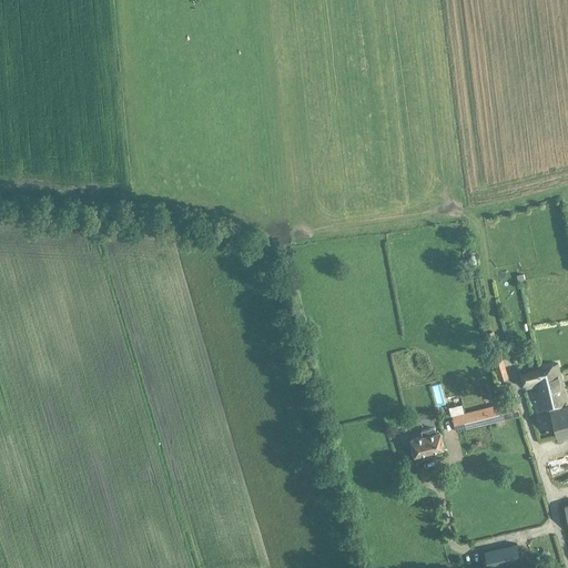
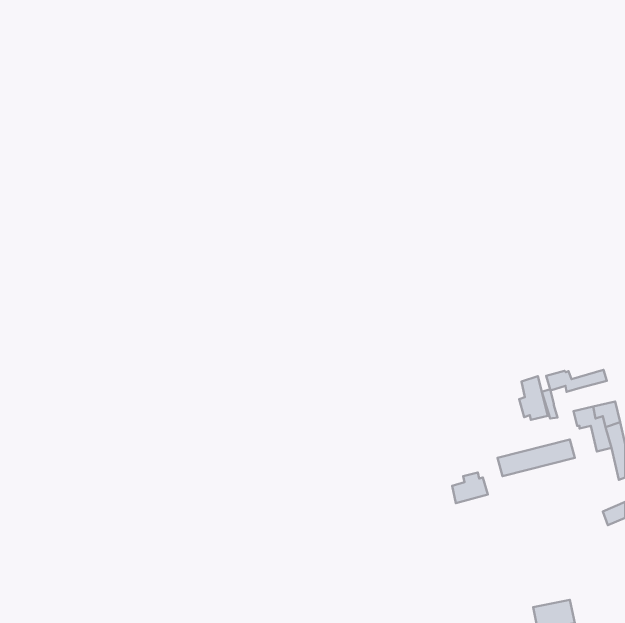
building: none -> [546,370,607,392]
building: none -> [519,376,548,420]

